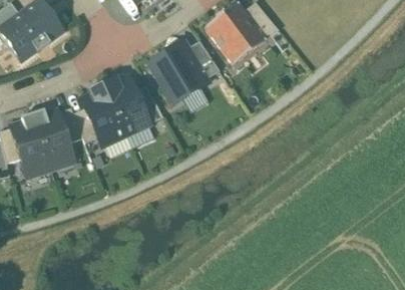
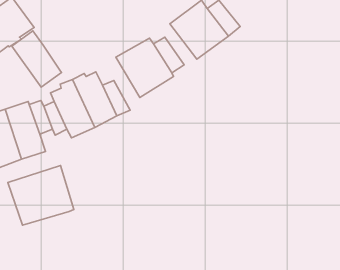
building: none -> [12,31,62,87]
building: none -> [8,165,74,225]

